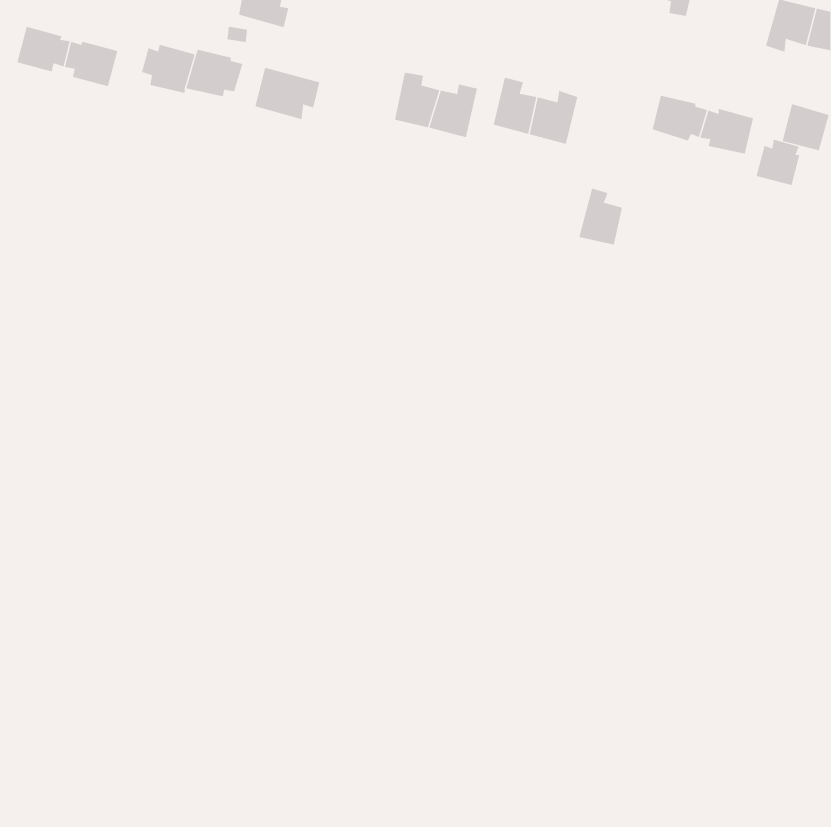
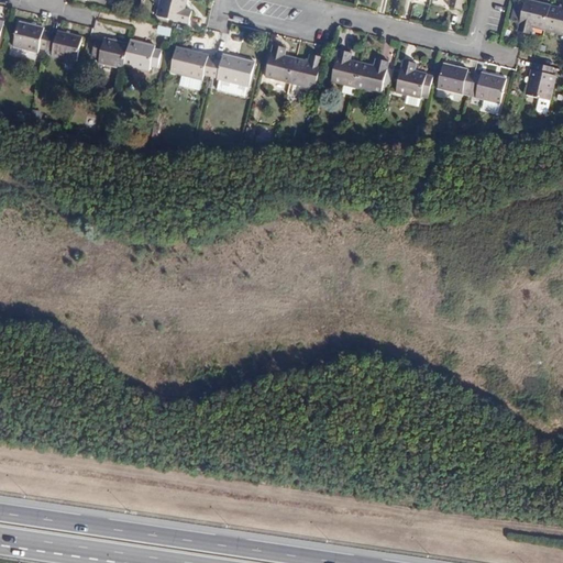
building: none -> [210,53,254,86]
building: [756,139,800,186] -> none
building: [578,188,623,245] -> [394,62,423,100]

